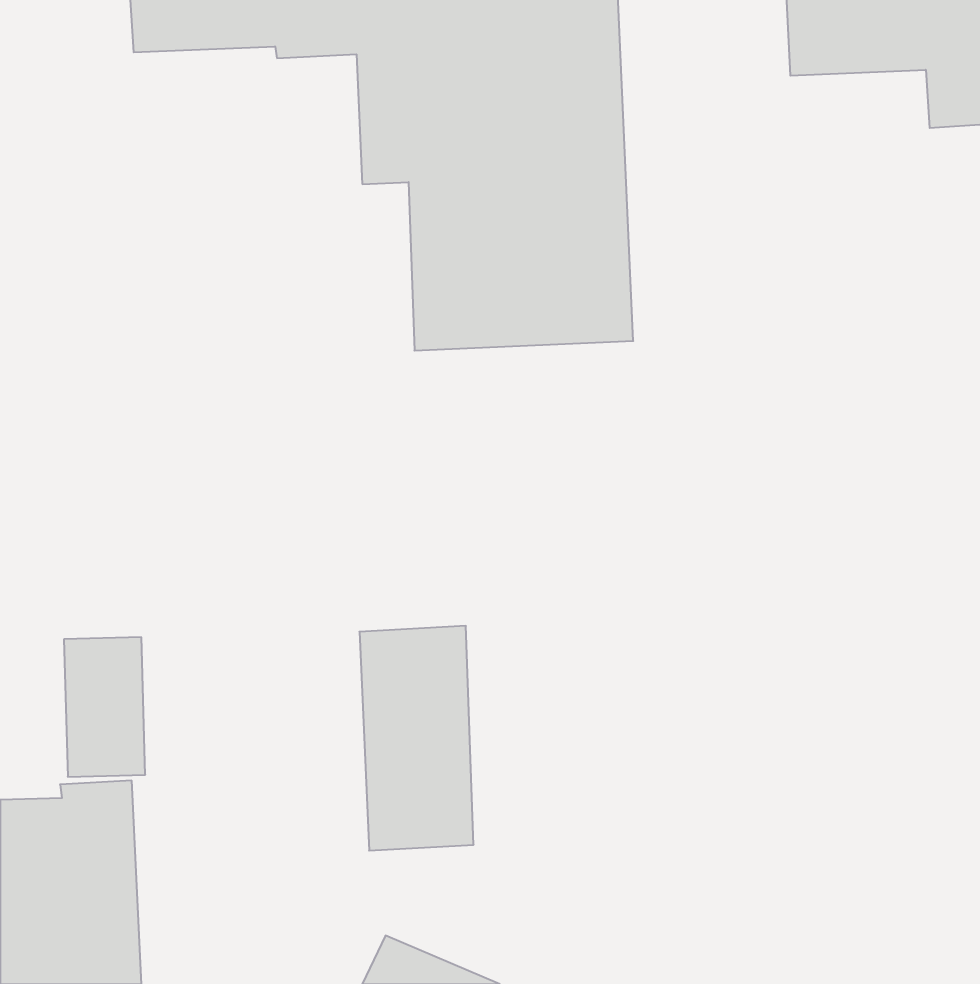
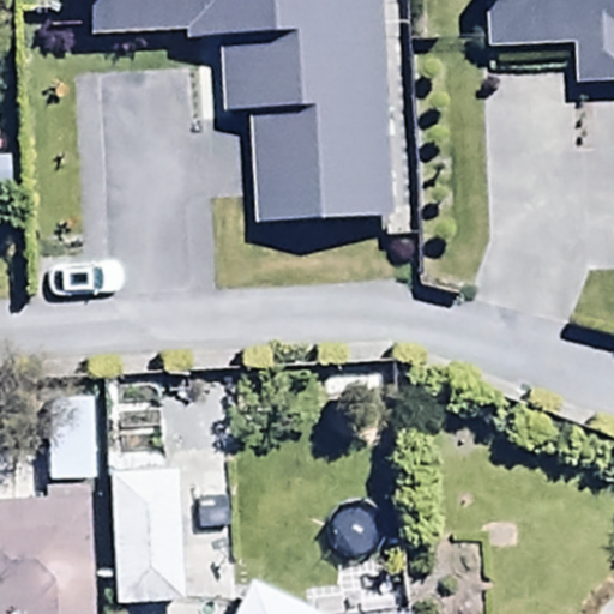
building: [359,626,474,851] -> [109,465,180,604]

